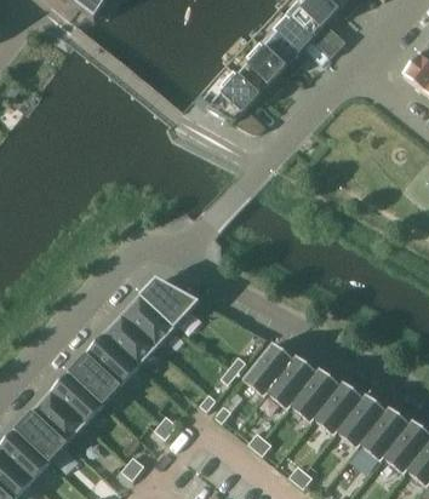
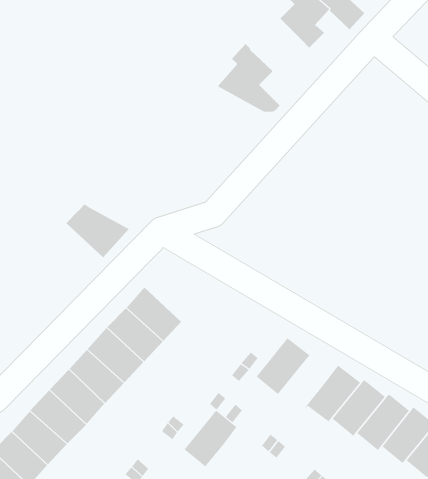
building: [239,41,286,103] -> none
building: [139,277,200,328] -> [65,203,130,258]
building: [264,356,320,409] -> [181,410,241,467]

